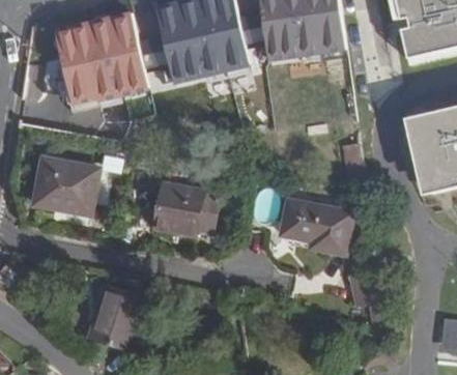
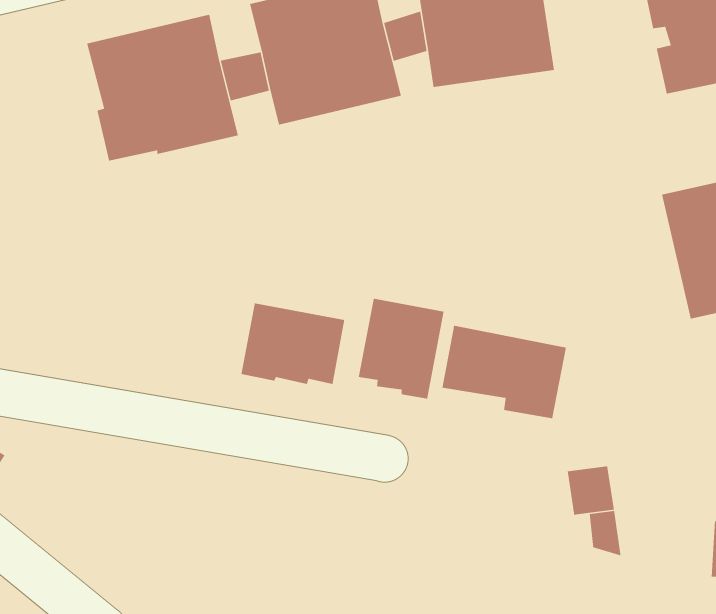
building: [31,158,96,215] -> none
building: none -> [358,298,445,400]
building: [85,290,143,354] -> none

